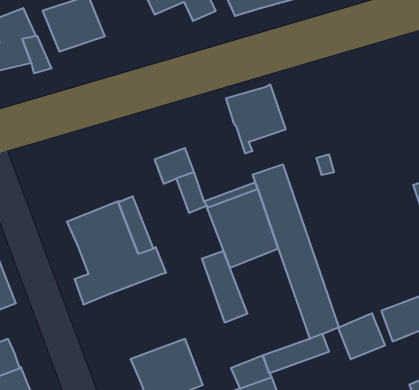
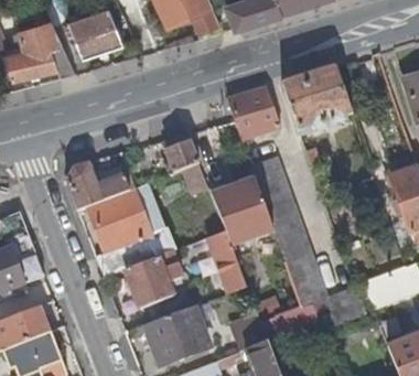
building: none -> [282,66,351,130]
building: none -> [67,162,136,211]
building: none -> [125,251,181,309]

